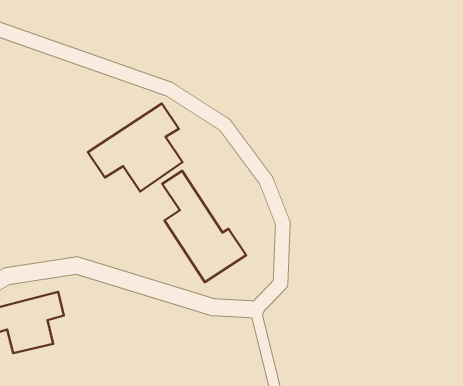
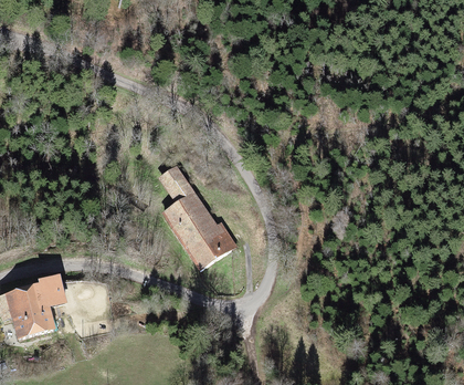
building: [88,103,183,192] -> none

